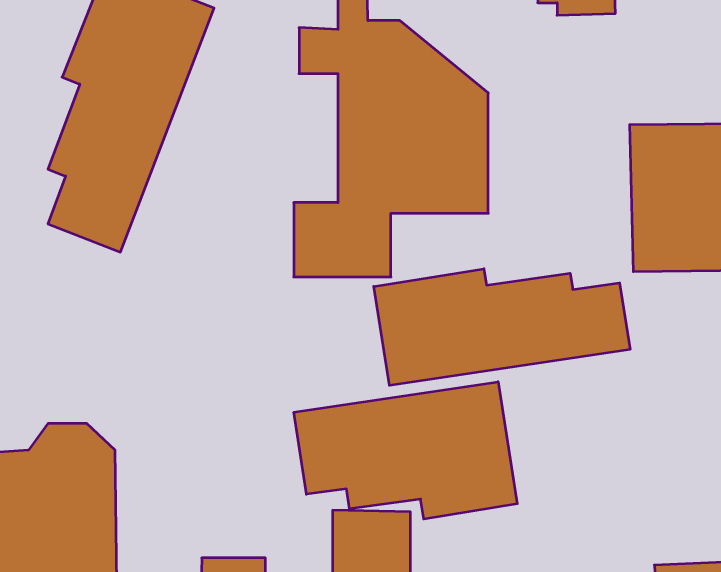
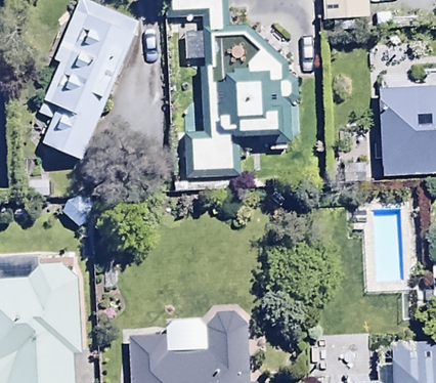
building: [374,269,630,385] -> none
building: [294,382,517,519] -> none

